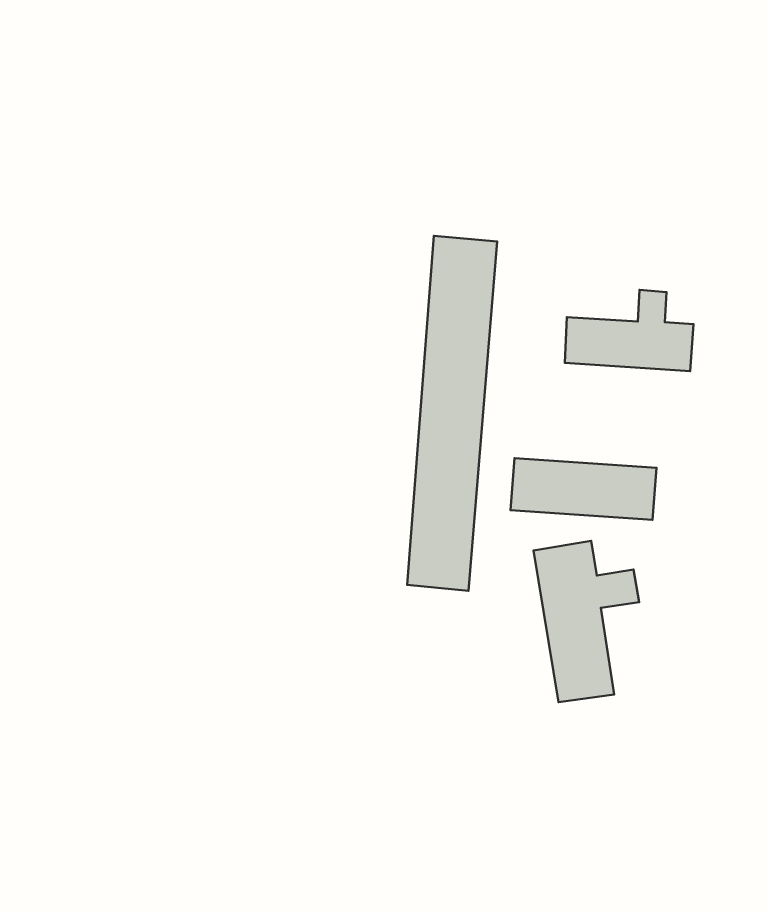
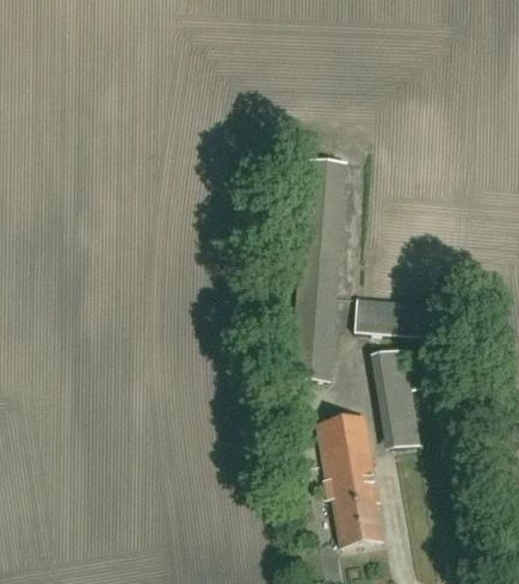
building: [565,290,693,371] -> none
building: none -> [316,414,381,546]

